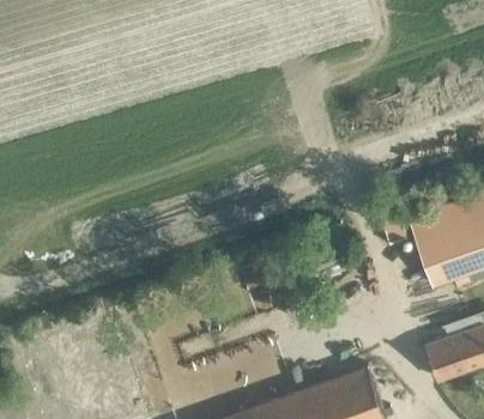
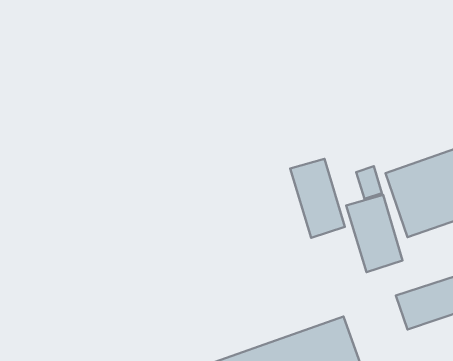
building: none -> [290,159,345,238]
building: none -> [346,195,403,272]

